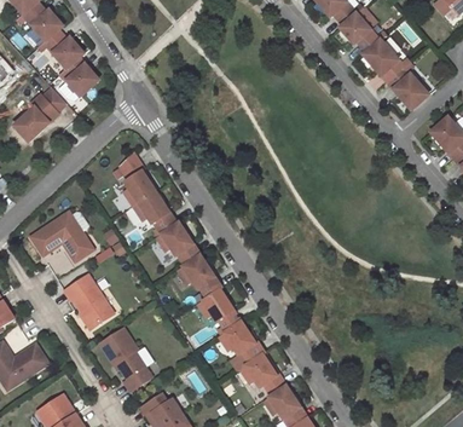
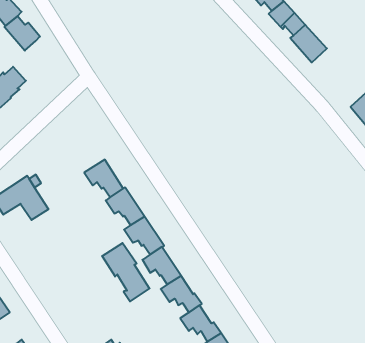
building: [63,58,97,97] -> none
building: [387,67,427,109] -> none
building: [118,154,155,206] -> none
building: [62,272,111,325] -> none
building: [99,325,152,391] -> [102,243,150,301]

